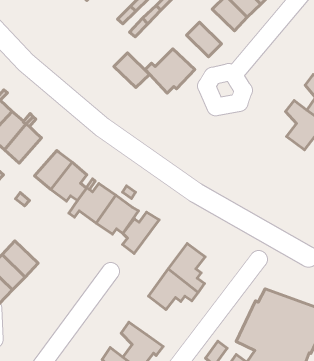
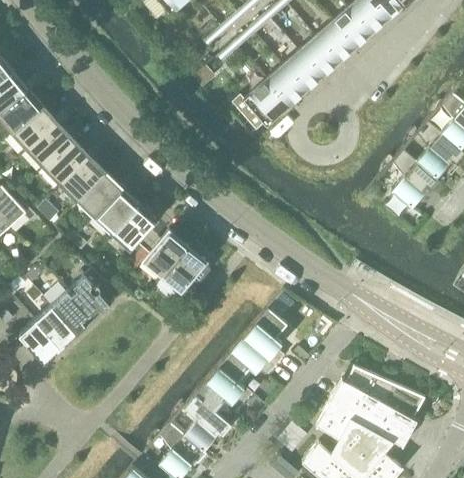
building: none -> [298,37,338,78]
building: [114,53,150,87] -> [265,65,306,106]
building: none -> [77,173,122,217]
building: [122,212,159,253] -> none
building: none -> [66,269,115,319]
building: none -> [192,366,251,411]

